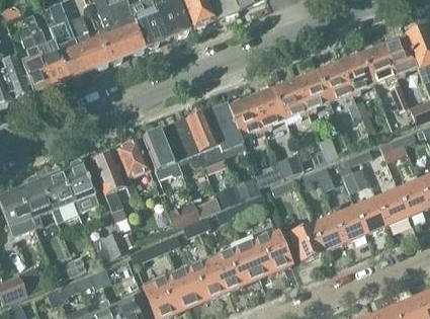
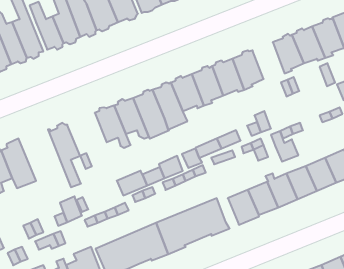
building: [317,60,352,100] -> none
building: [115,140,150,178] -> none
building: [61,162,100,213] -> none

